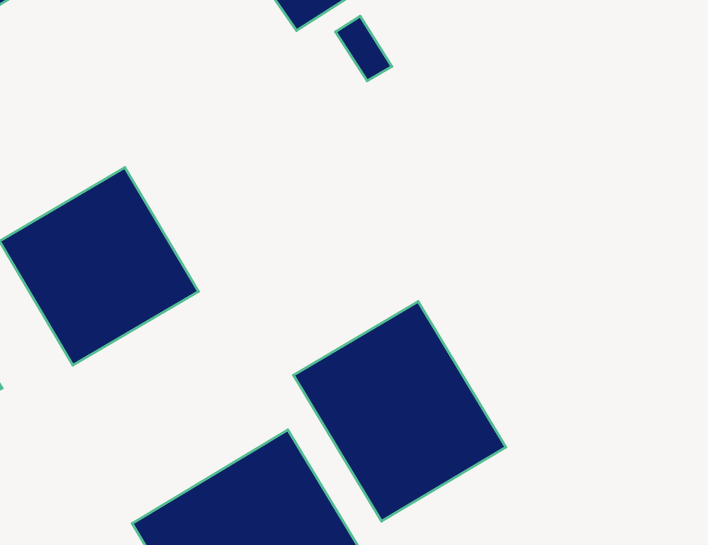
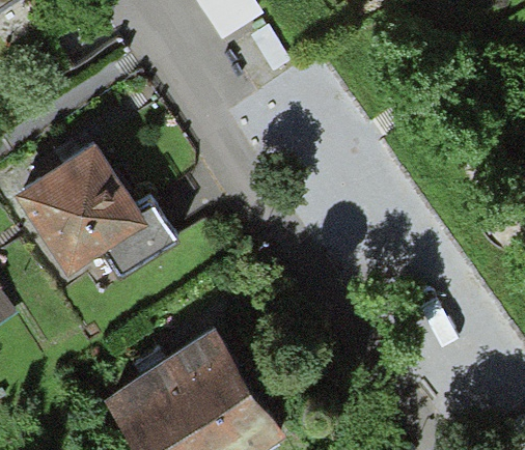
building: [294,301,506,521] -> none

